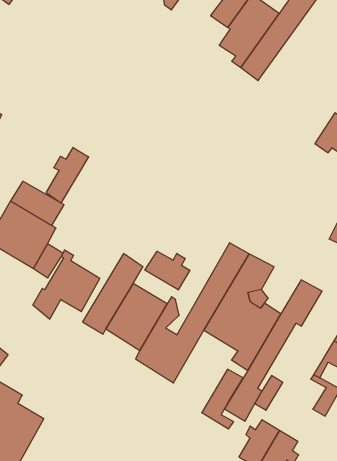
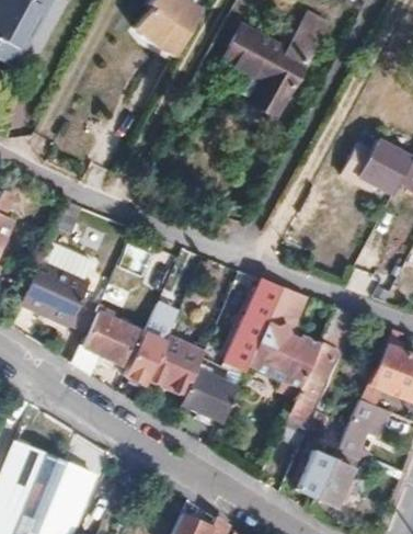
building: [46,147,89,203] -> none
building: [145,251,190,290] -> none
building: [202,369,243,429] -> [337,405,375,464]

